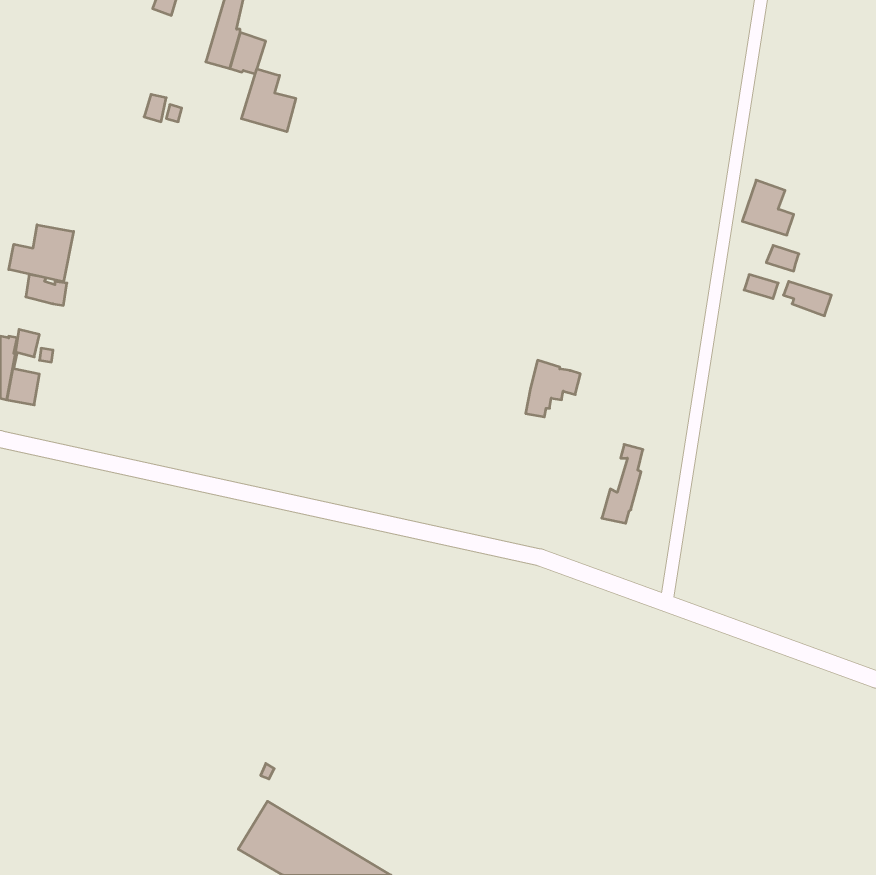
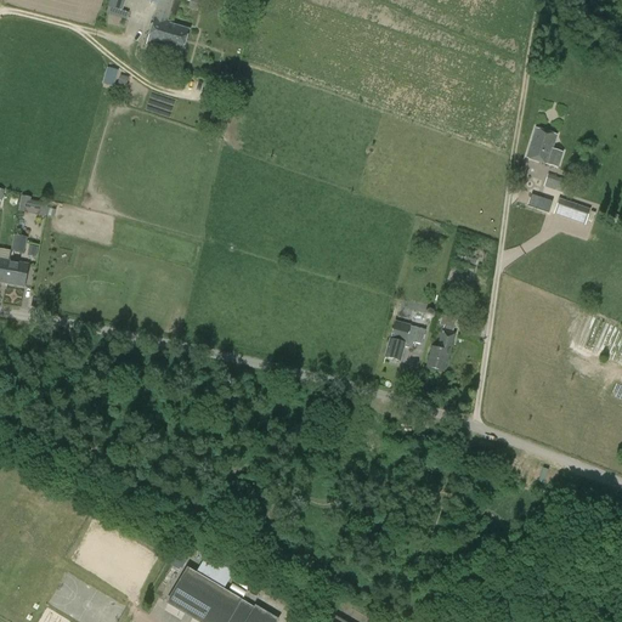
building: [241,69,296,132] -> none
building: [9,225,74,282] -> none
building: [526,360,580,417] -> [386,320,425,360]

